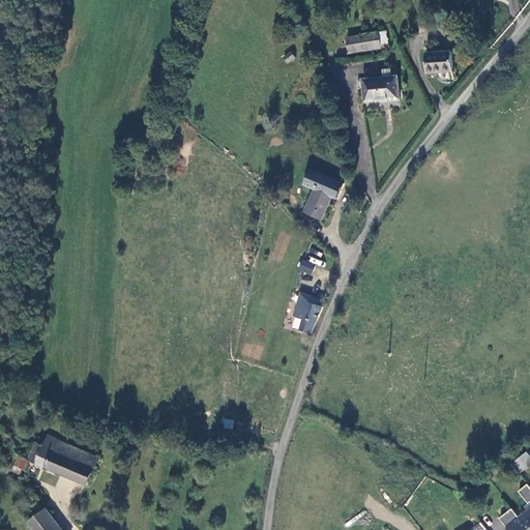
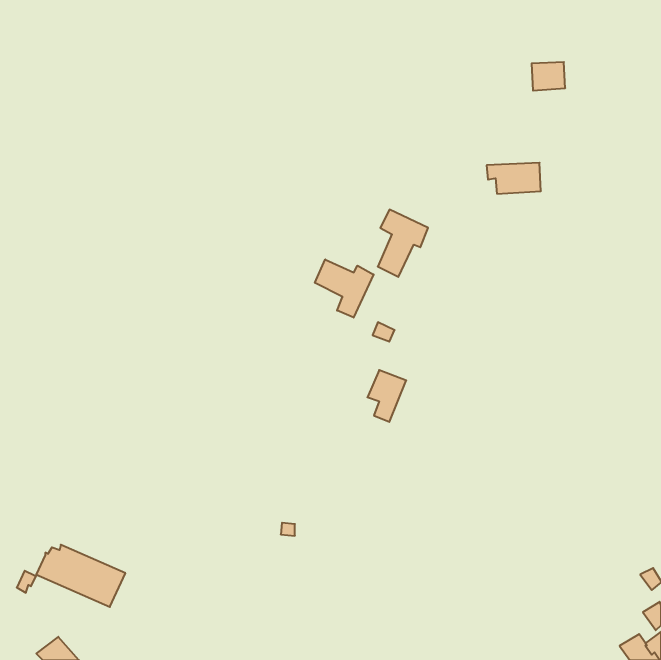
building: [343,34,379,52] -> none
building: [354,79,398,104] -> [487,163,541,194]
building: none -> [315,259,374,318]

